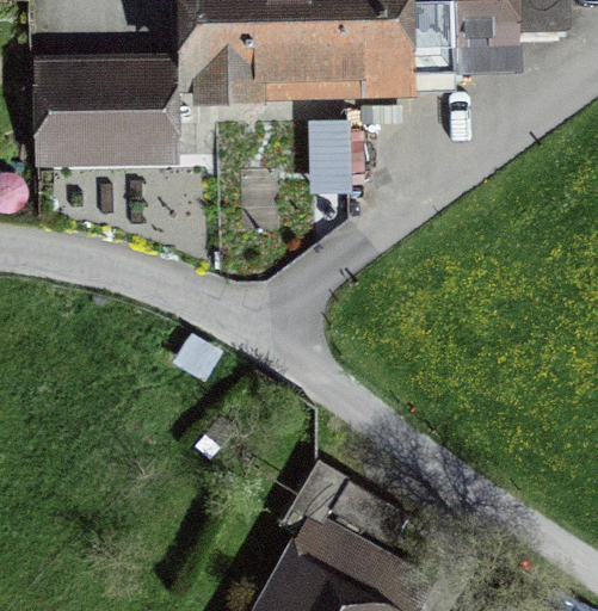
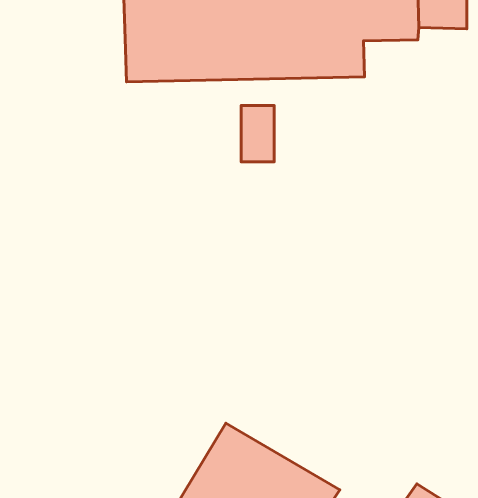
building: [39,62,180,173] -> none

